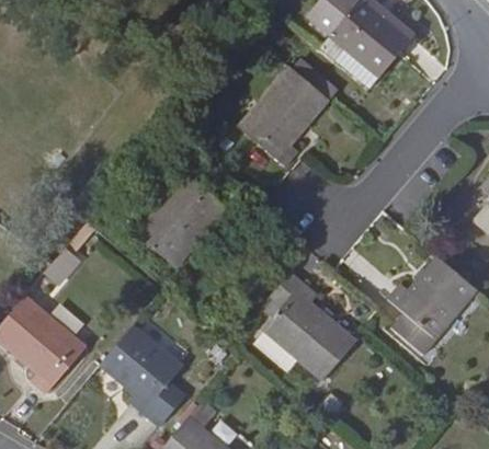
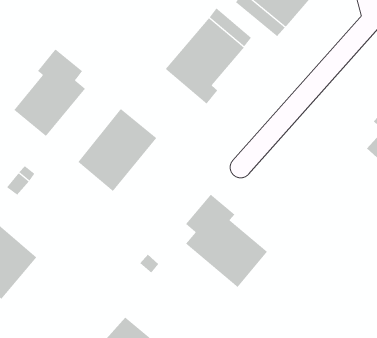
building: none -> [14,48,86,137]
building: [387,255,479,355] -> none
building: [99,323,187,428] -> none

